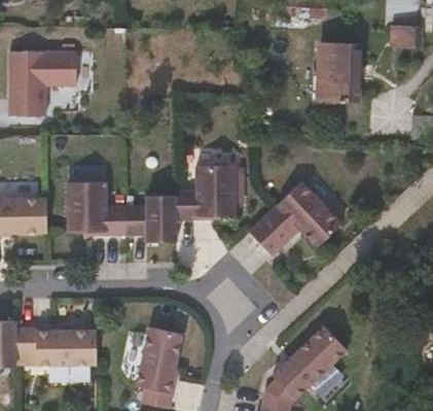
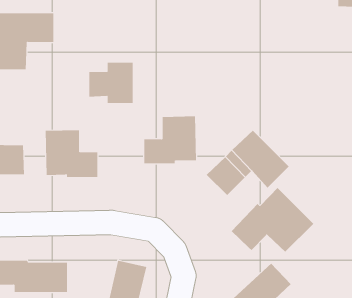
building: [319,42,362,99] -> none
building: [127,197,177,243] -> [89,62,134,104]
building: none -> [231,187,314,253]

